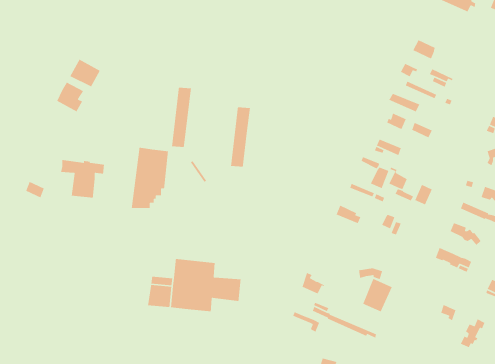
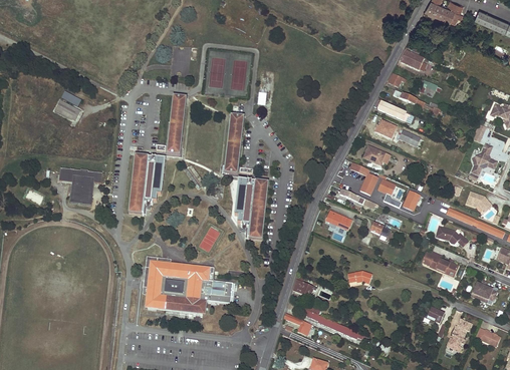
building: [69,59,101,87] -> none
building: none -> [235,179,268,242]
building: none -> [148,261,171,282]
building: [362,278,393,313] -> none

